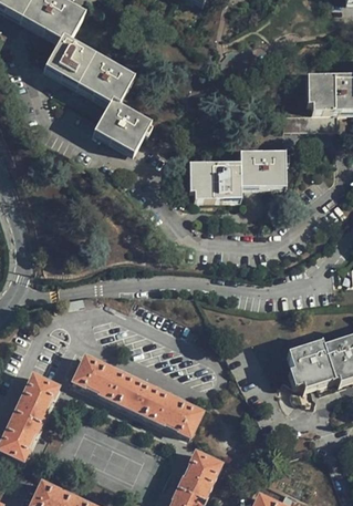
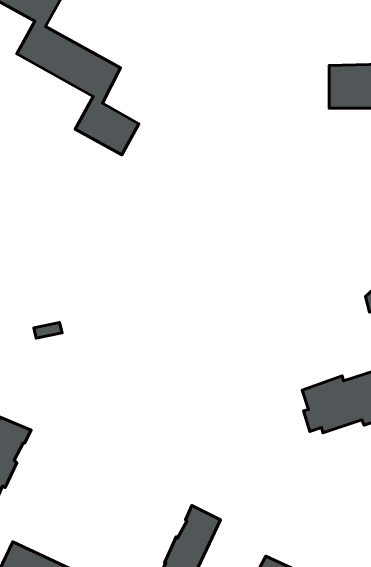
building: [195,151,287,199] -> none
building: [72,357,201,436] -> none

